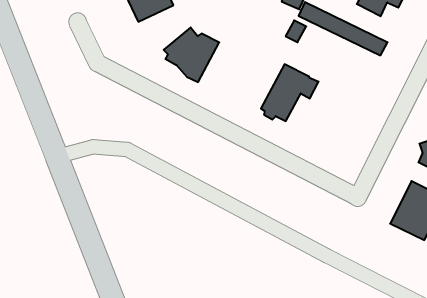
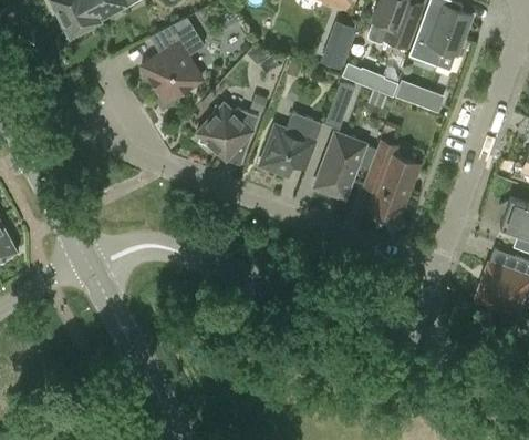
building: none -> [260,113,322,177]
building: none -> [363,142,418,219]

